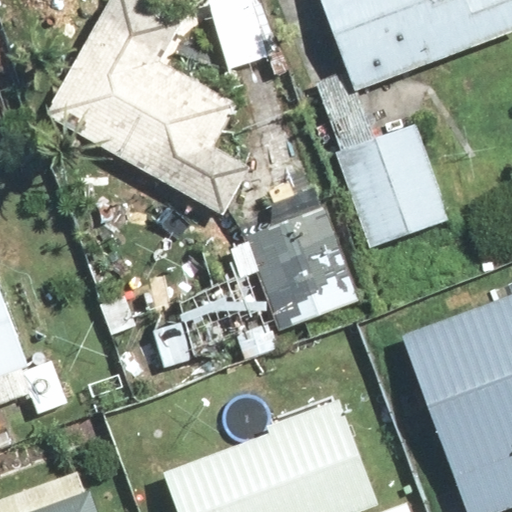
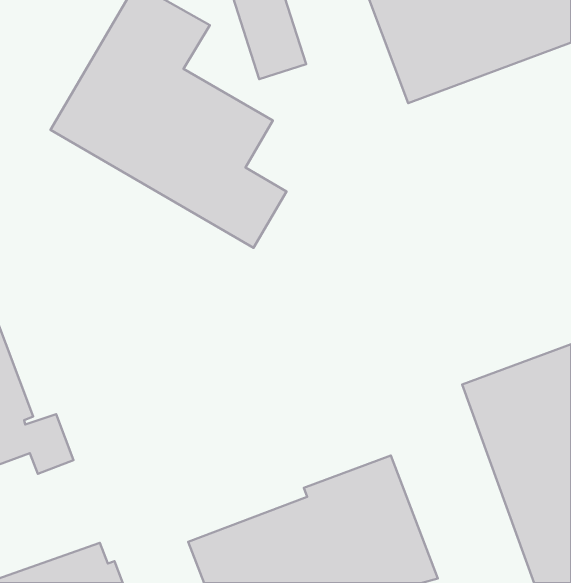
building: [312,69,449,248] -> none
building: [242,206,358,330] -> none

